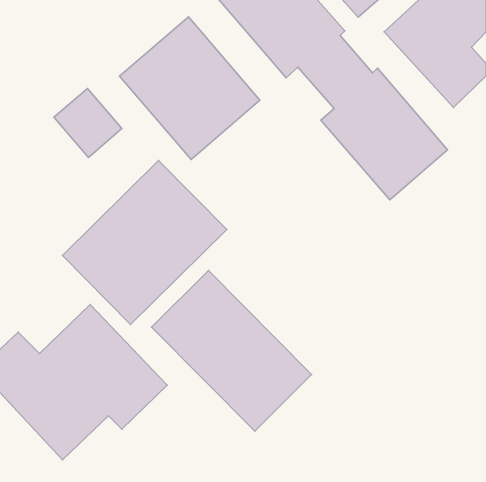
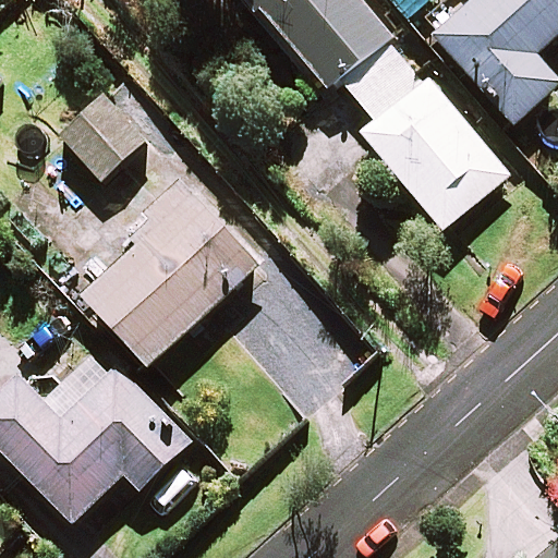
building: [120,17,260,159] -> none
building: [152,271,312,431] -> none

